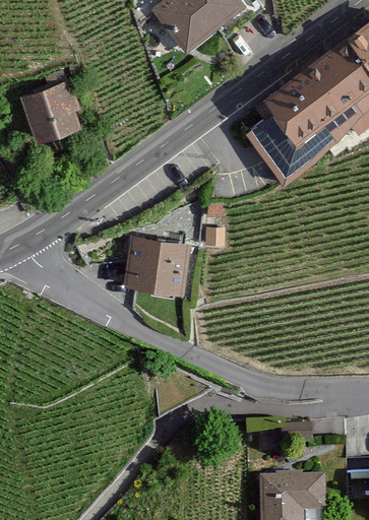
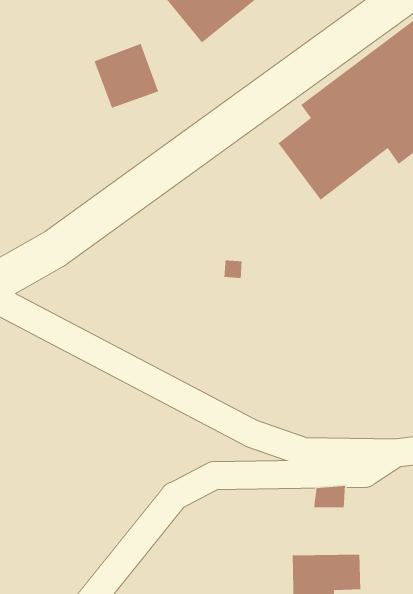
building: [23,85,79,141] -> [93,43,159,109]
building: [126,239,184,287] -> none

